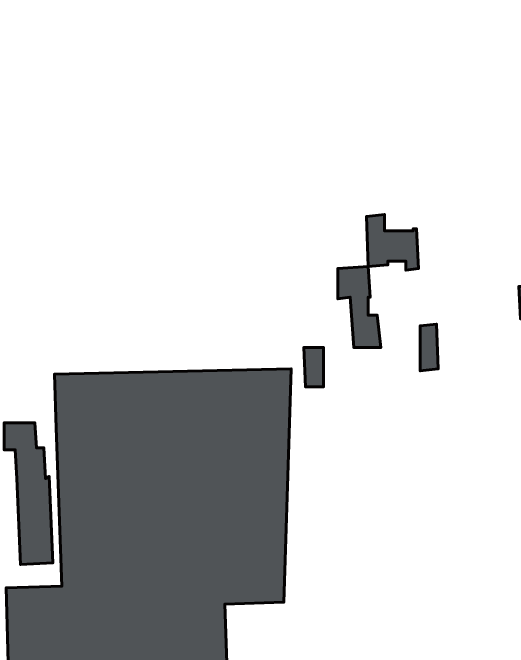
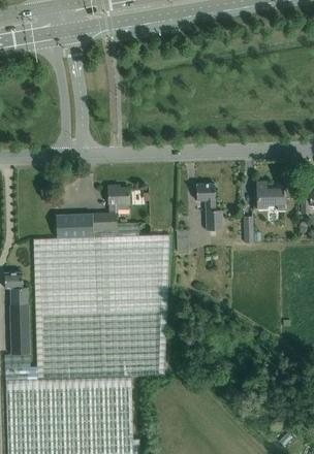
building: [366,215,418,270] -> [255,182,285,214]
building: none -> [32,186,168,246]

